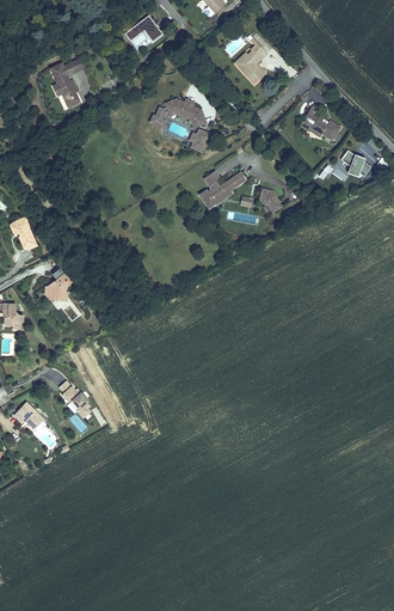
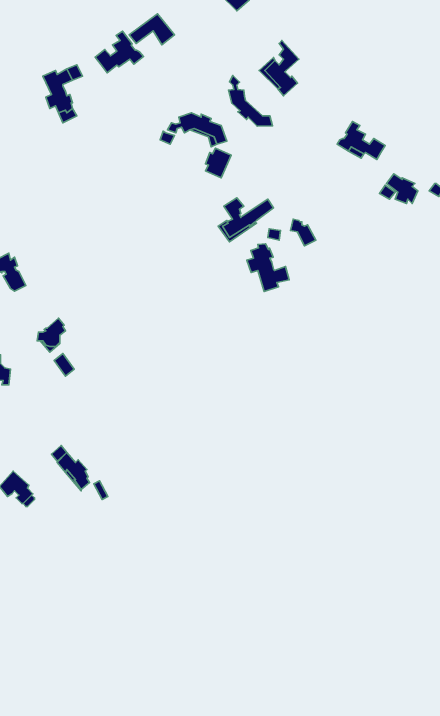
building: none -> [95,31,144,73]
building: none -> [229,75,273,126]
building: none -> [247,244,289,292]

